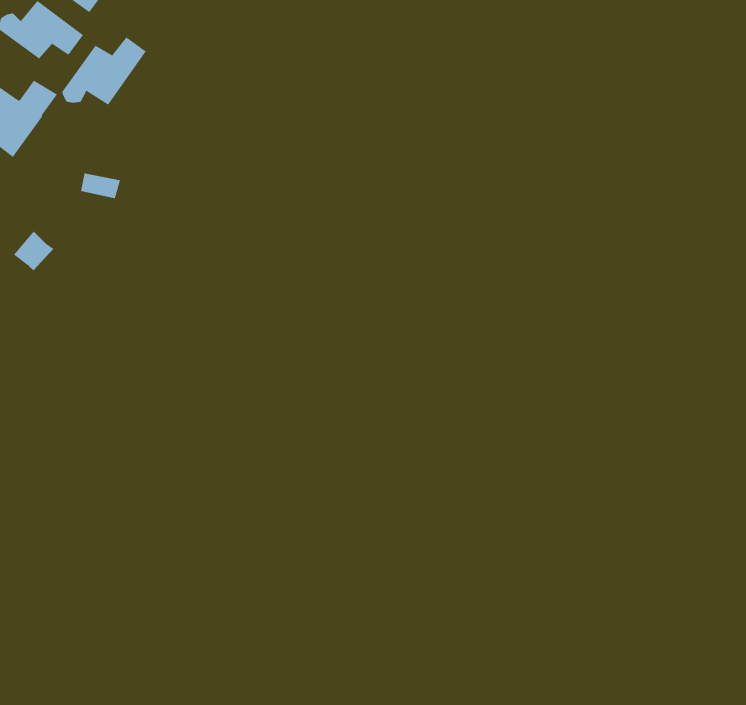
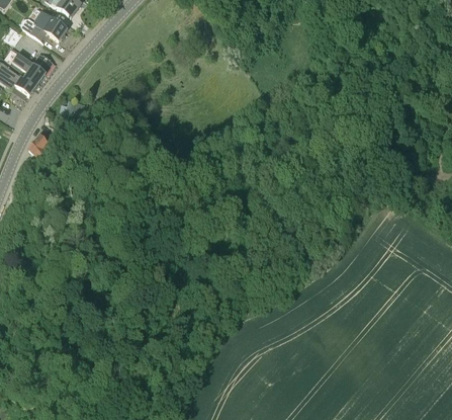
building: [62,37,146,106] -> none

